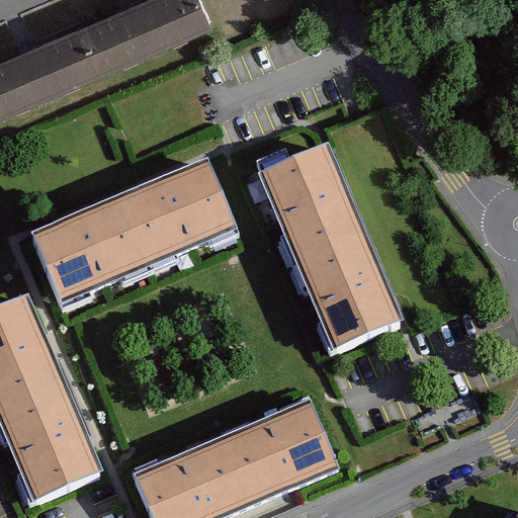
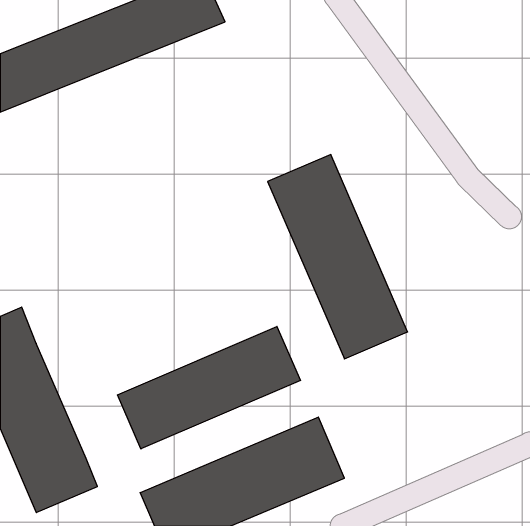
building: [34,166,233,300] -> none
building: none -> [117,326,300,449]

